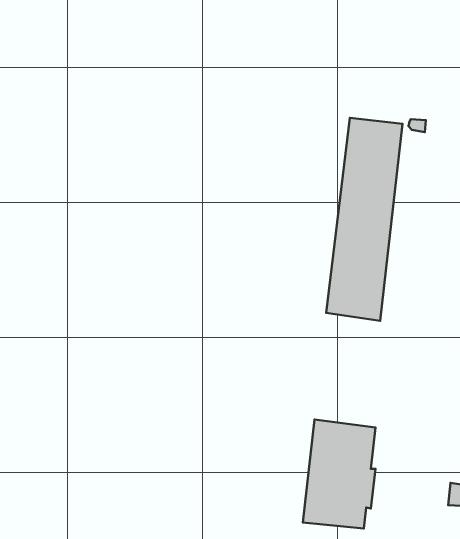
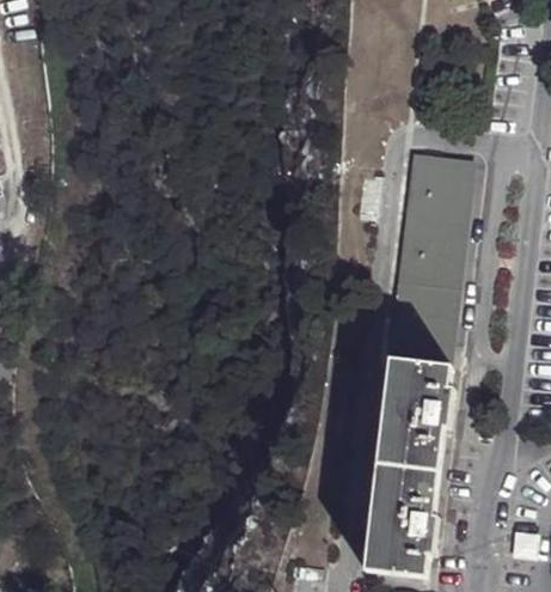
building: none -> [376,354,453,471]

